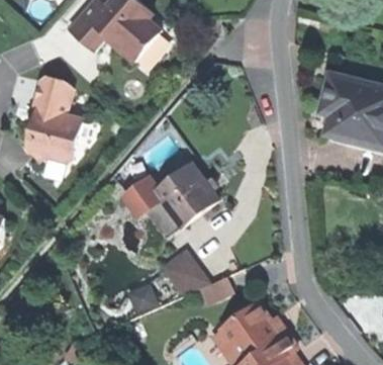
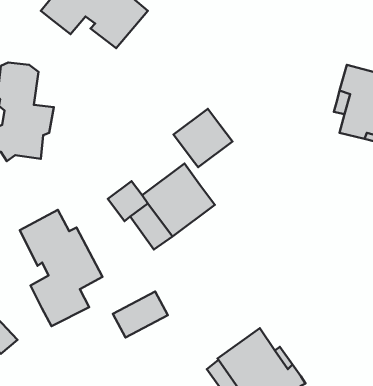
building: none -> [174,109,232,167]
building: none -> [20,210,103,326]
building: [167,247,238,302] -> none

